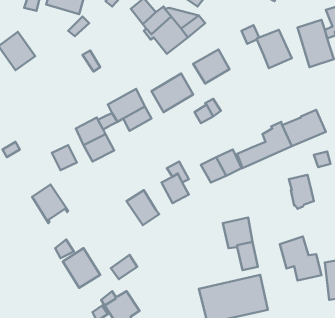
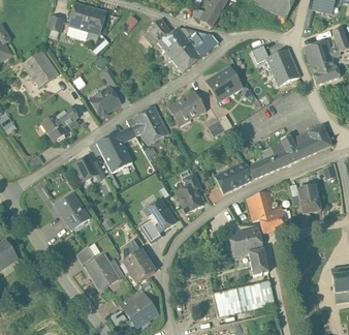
building: none -> [90,87,120,116]
building: none -> [40,106,78,143]
building: none -> [121,243,147,273]
building: [280,237,322,281] -> [247,190,286,232]

